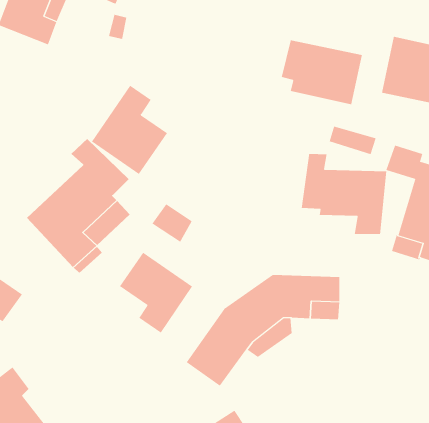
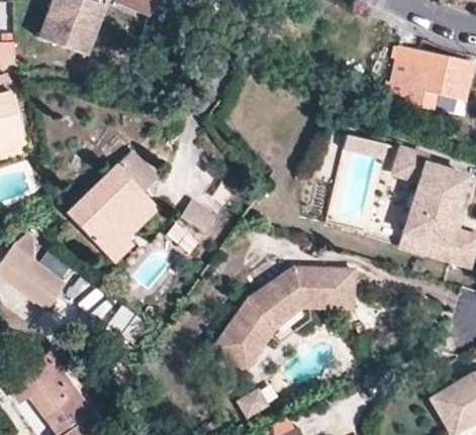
building: [281,40,363,105] -> none
building: [91,85,168,175] -> none
building: [301,153,387,235] -> none
building: [119,252,193,333] -> none

